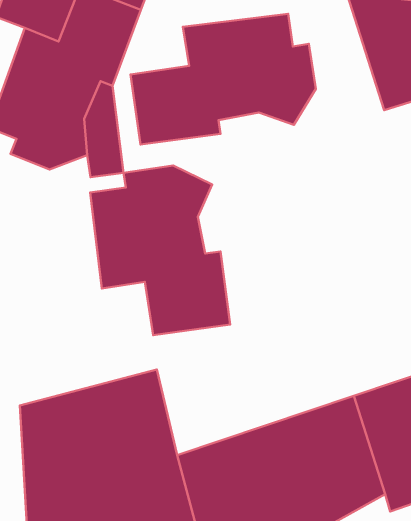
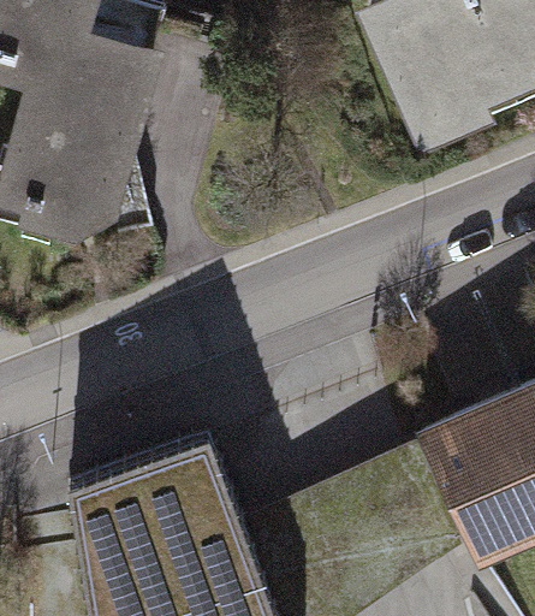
building: [131,14,316,144] -> none
building: [90,166,230,335] -> none

